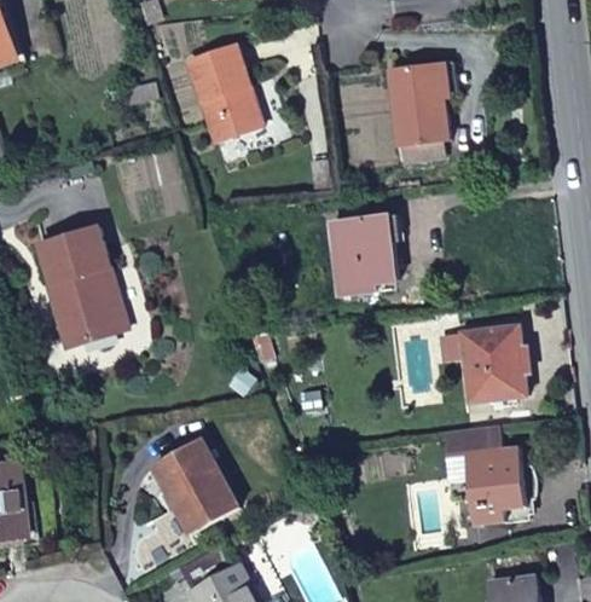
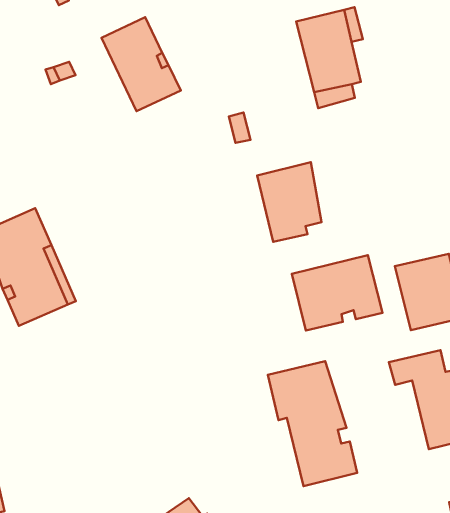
building: none -> [292,255,382,330]
building: none -> [268,361,357,486]
building: [151,439,237,534] -> none

